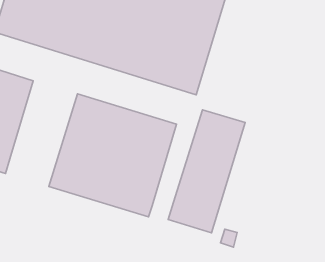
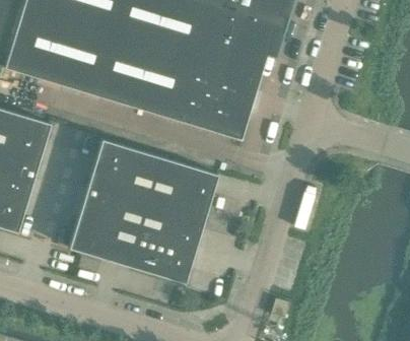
building: [168,110,245,233] -> none

